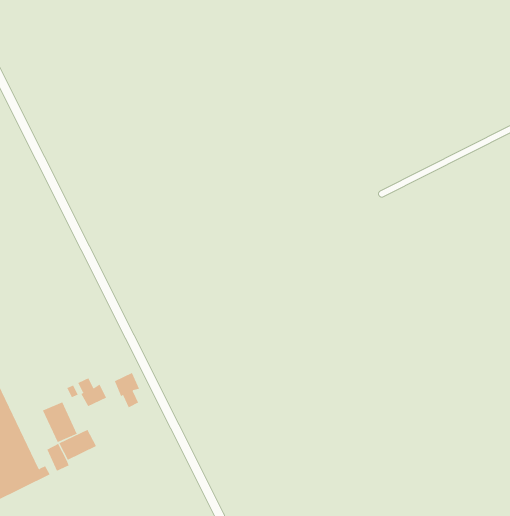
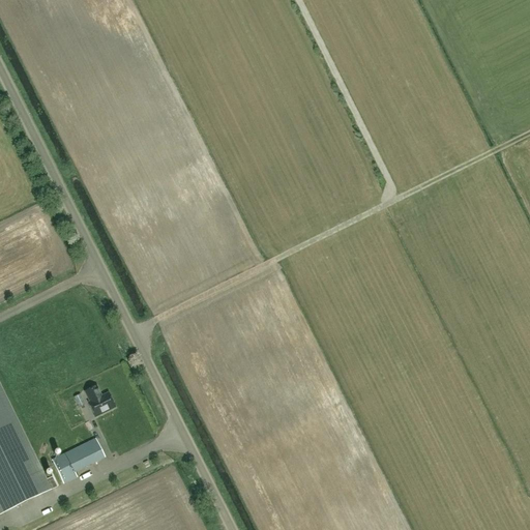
building: [114,372,140,408] -> none
building: [42,402,78,443] -> none

